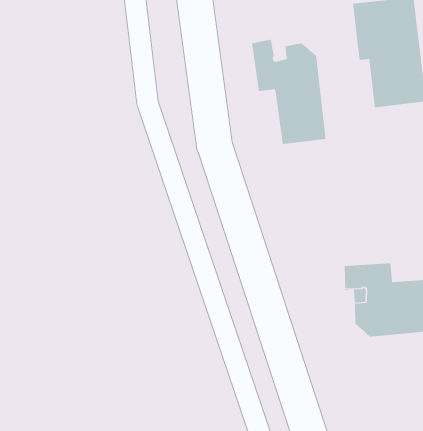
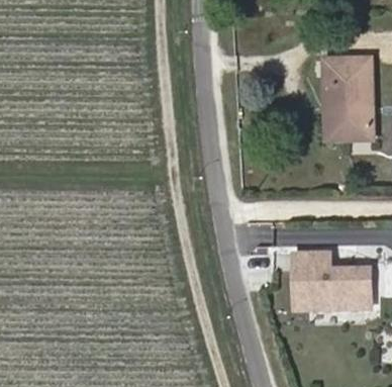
building: [252,39,326,145] -> none

